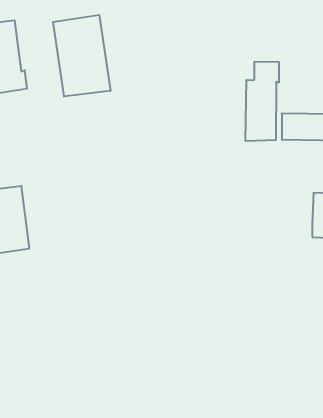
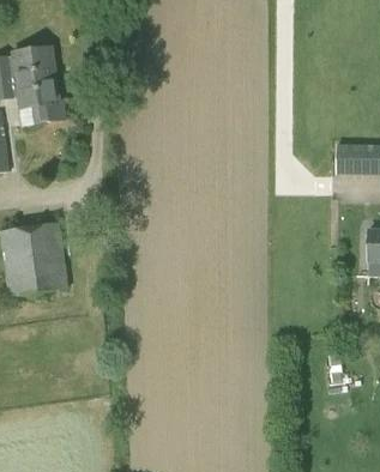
building: [53,15,111,97] -> none
building: [246,62,279,141] -> none

